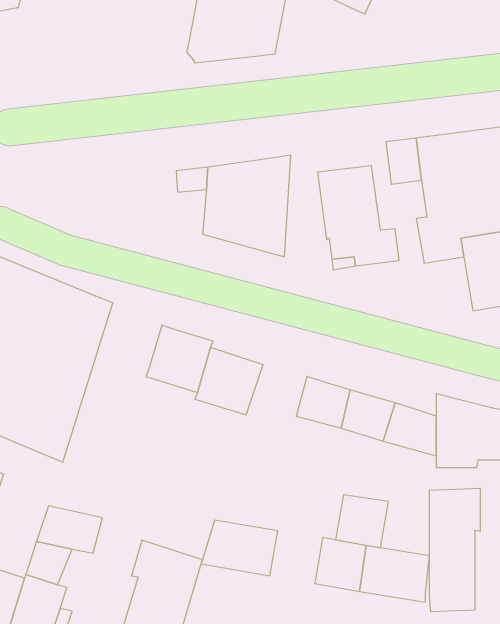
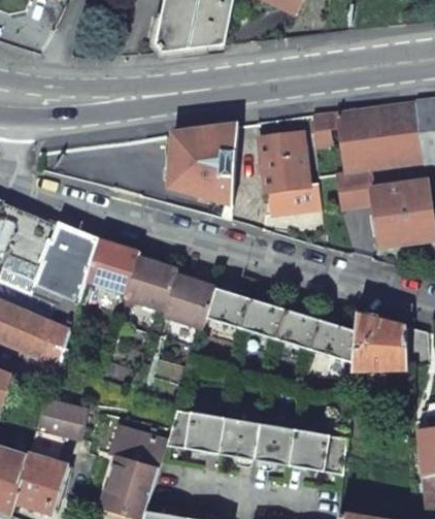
building: none -> [85,239,137,292]
building: none -> [204,288,248,328]
building: [429,488,480,612] -> none
building: [336,495,388,548] -> [220,418,261,459]

